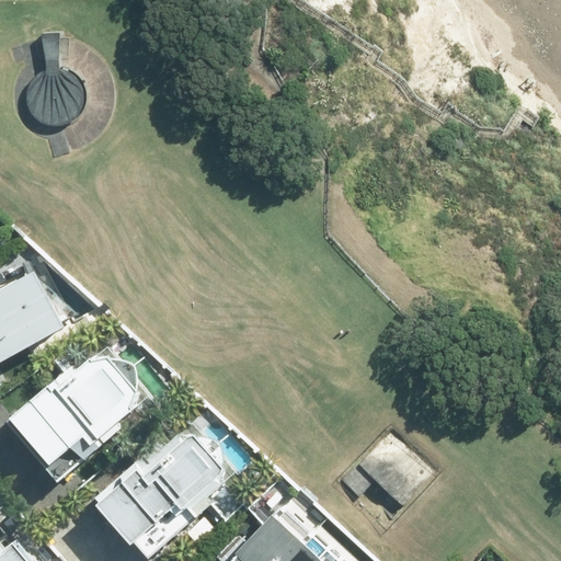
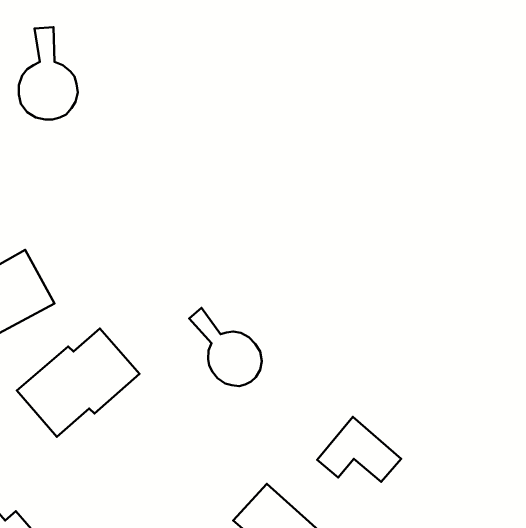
building: none -> [189,308,262,386]
building: [101,434,237,547] -> none

